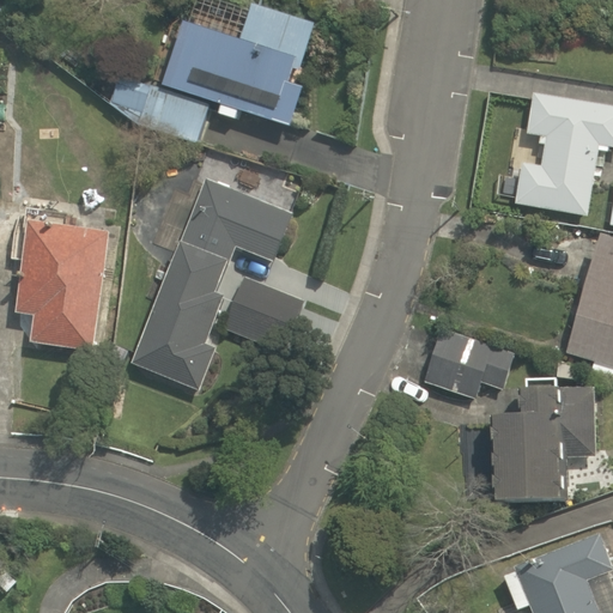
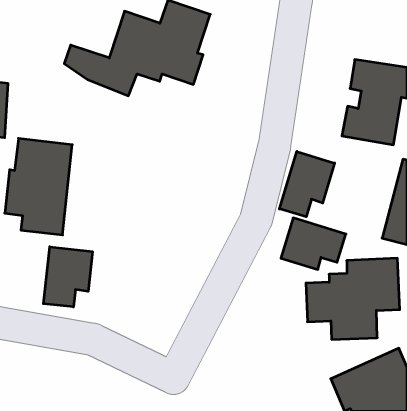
building: [132,180,303,389] -> none
building: none -> [279,151,335,217]
building: none -> [43,247,92,307]

